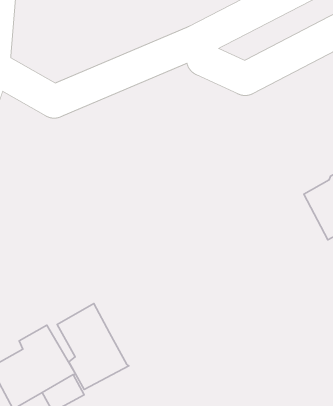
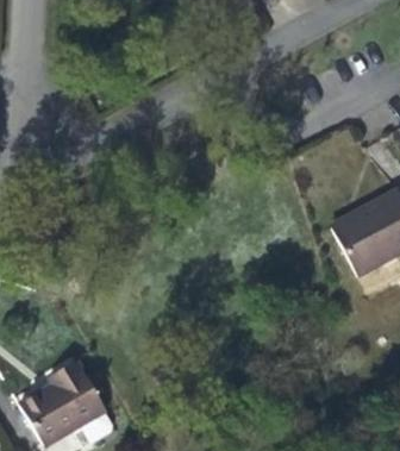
building: [57,303,129,389] -> none

